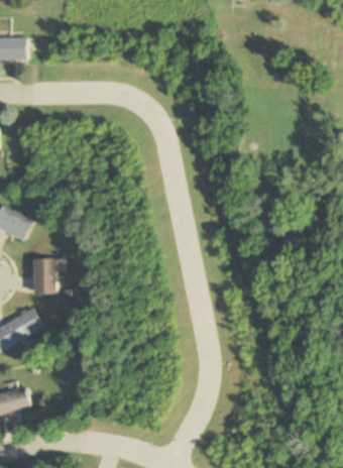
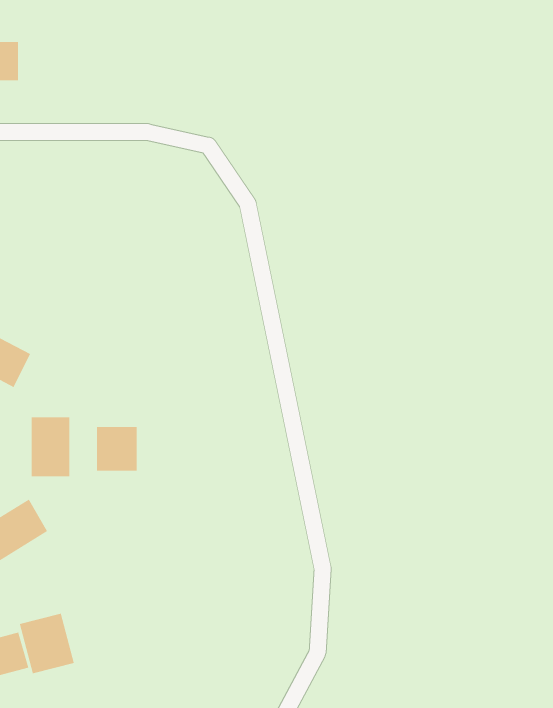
building: none -> [97,426,137,471]
building: none -> [19,613,75,674]

